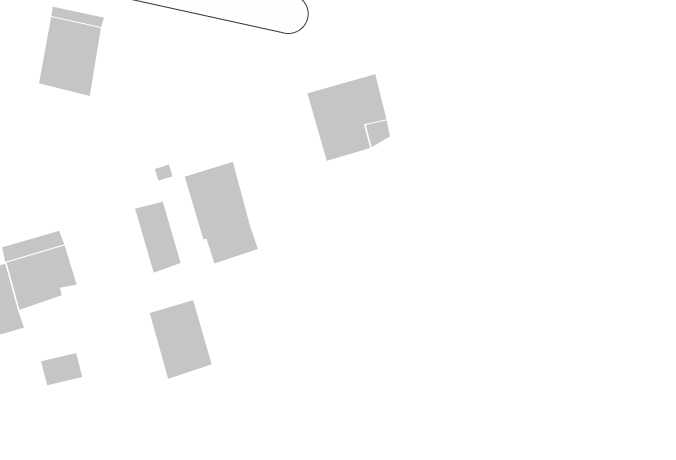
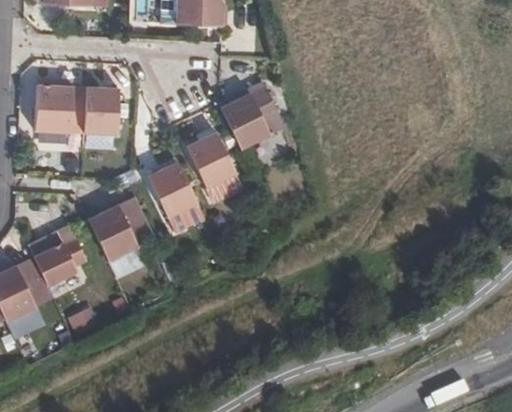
building: none -> [85,85,120,134]
building: none -> [183,133,242,205]
building: [149,300,213,379] -> [87,204,136,261]

